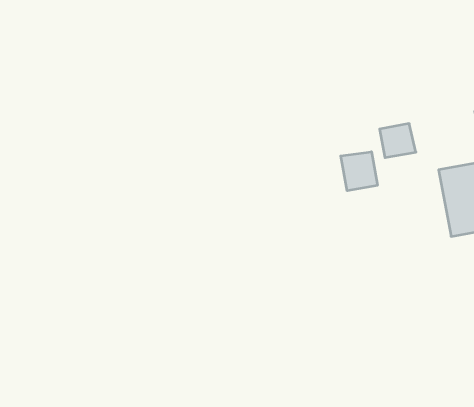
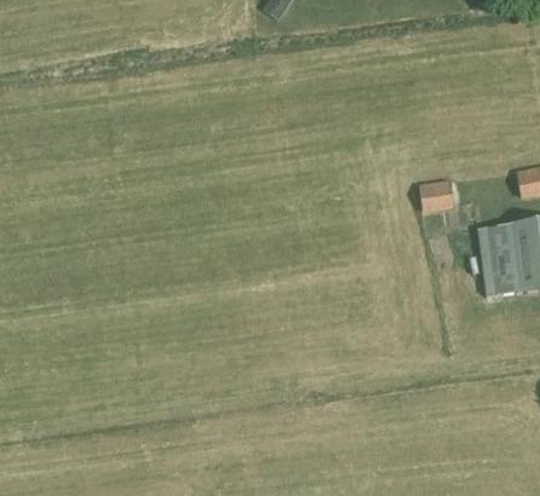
building: [341,152,377,191] -> none

